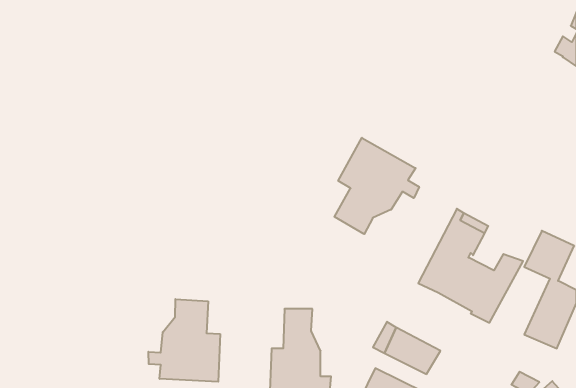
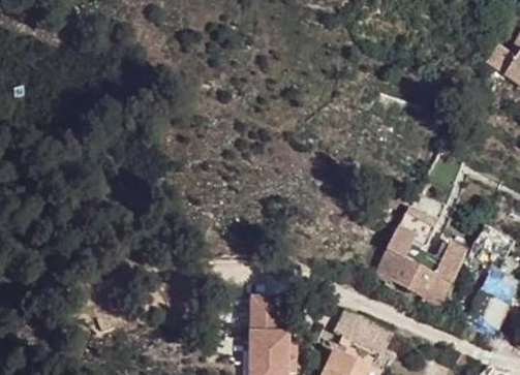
building: [334,138,419,234] -> none
building: [148,299,220,382] -> none

